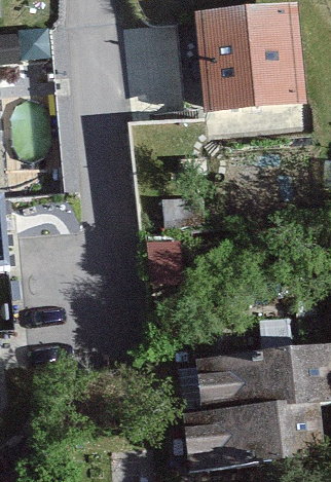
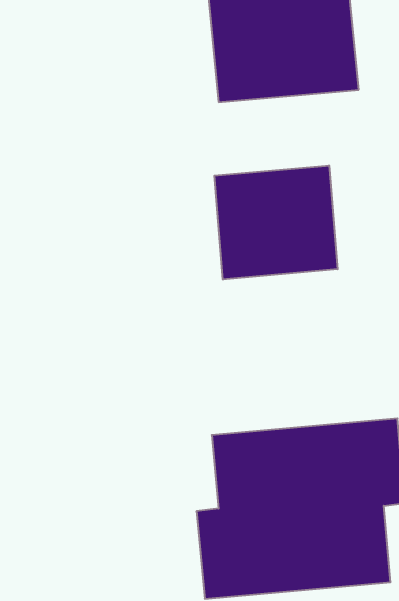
building: none -> [214,165,338,280]

